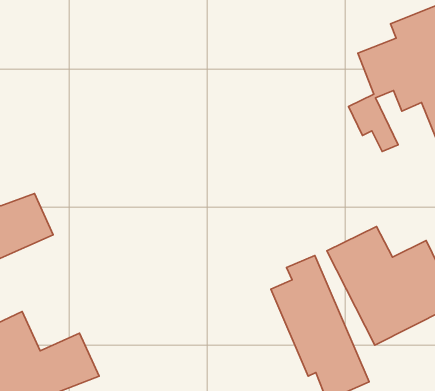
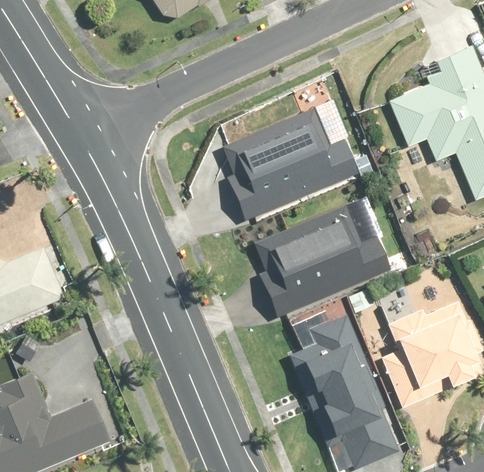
building: none -> [221,108,361,225]
building: none -> [260,205,389,312]

